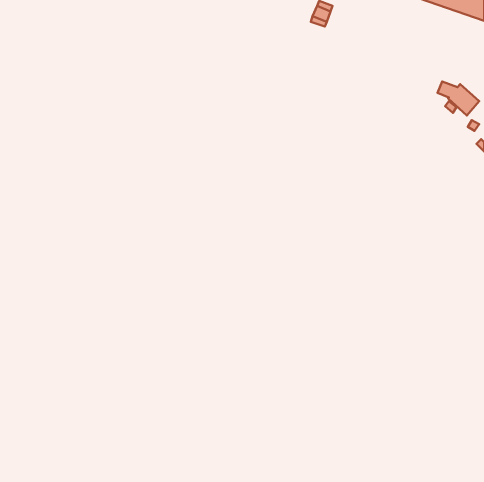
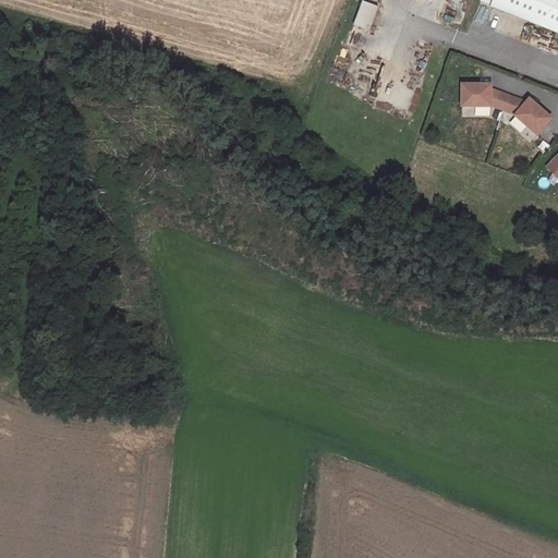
building: none -> [462,82,509,107]

